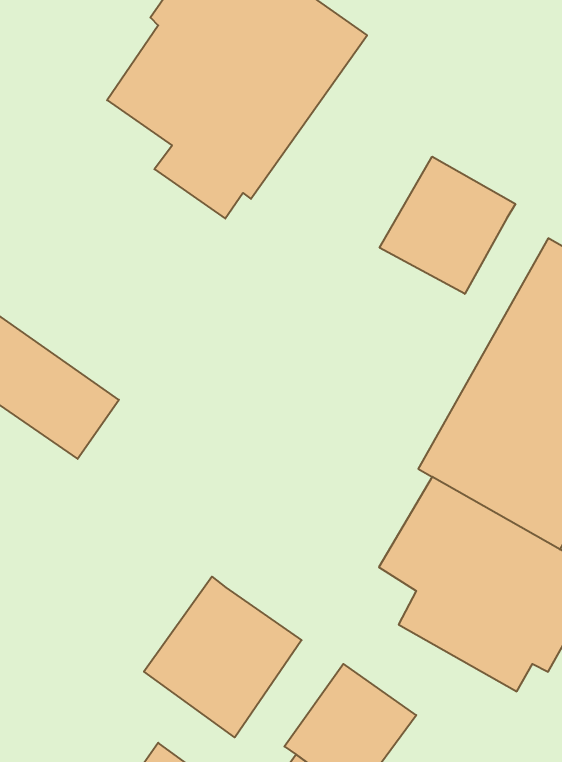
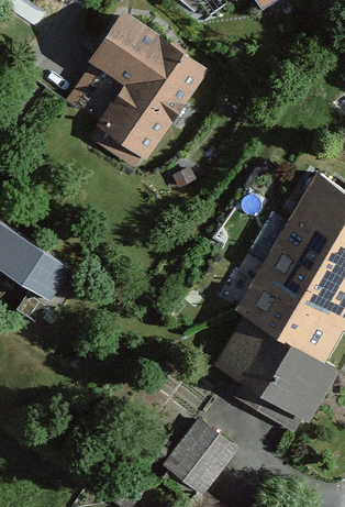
building: [380,157,515,294] -> none
building: [144,577,302,737] -> none

